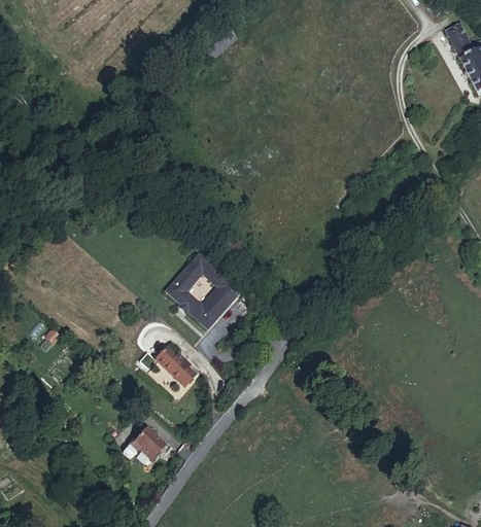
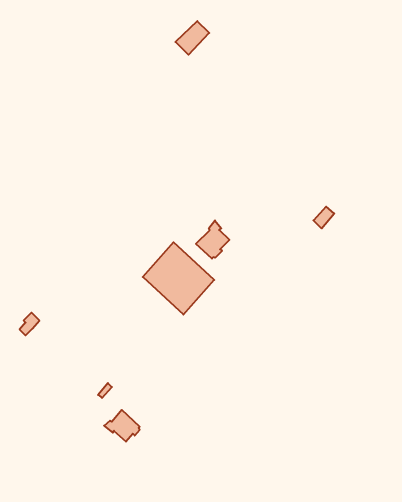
building: none -> [196,220,229,259]
building: [153,347,195,386] -> none

